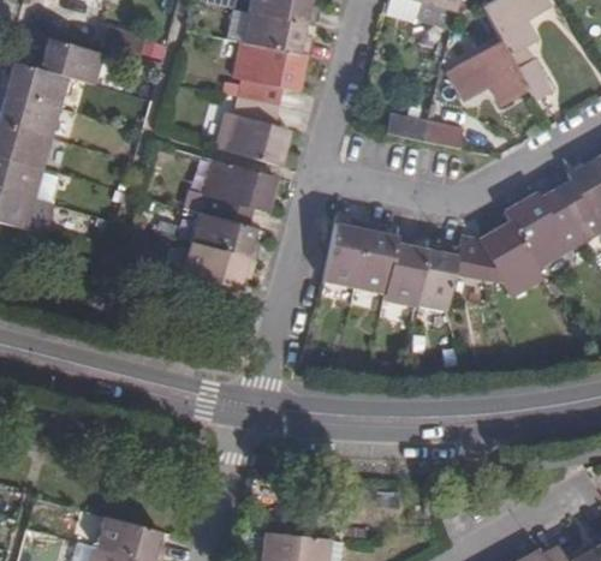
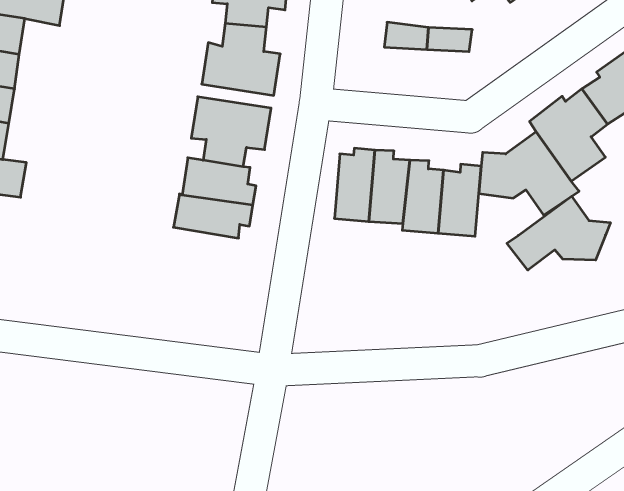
building: none -> [507,196,610,270]

